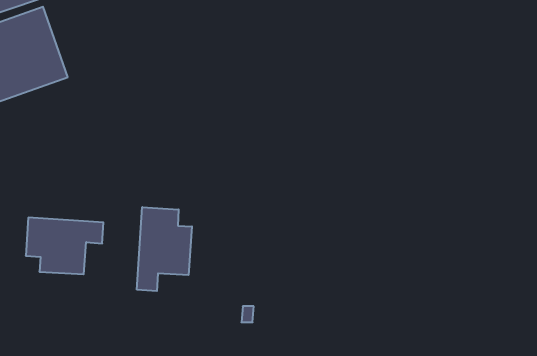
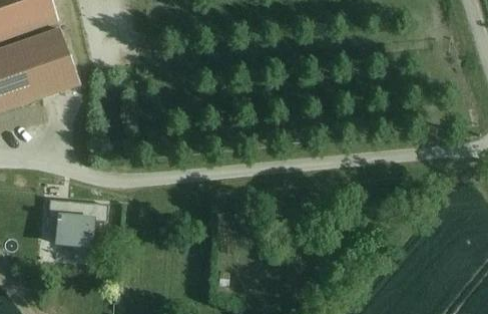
building: [137,207,192,291] -> none

